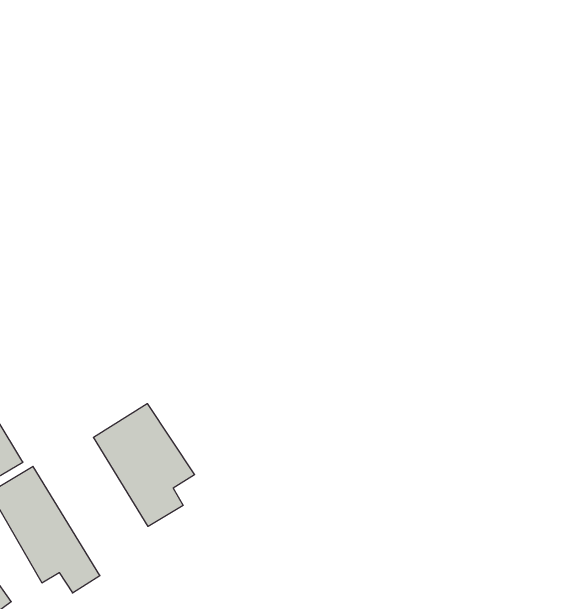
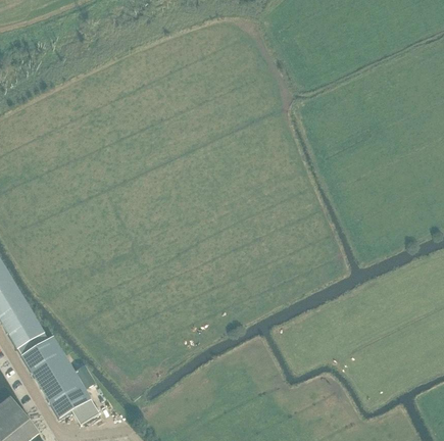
building: [93,404,195,526] -> none

